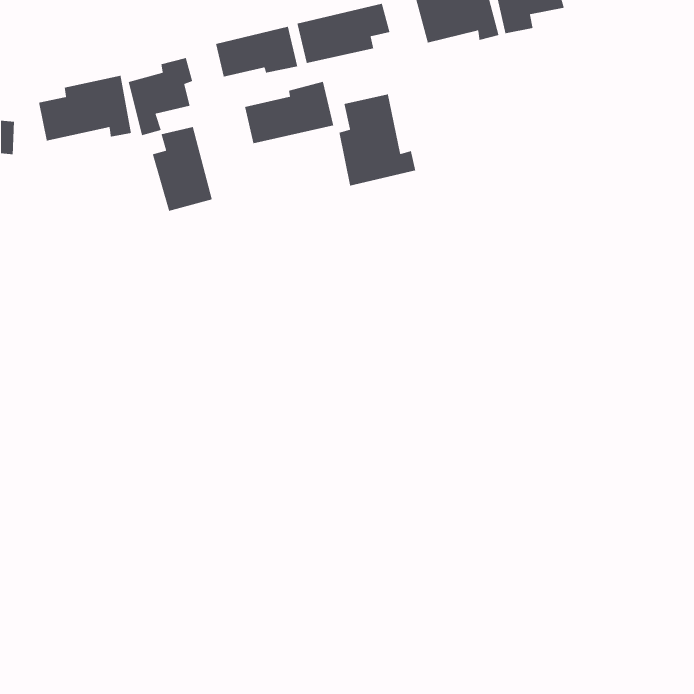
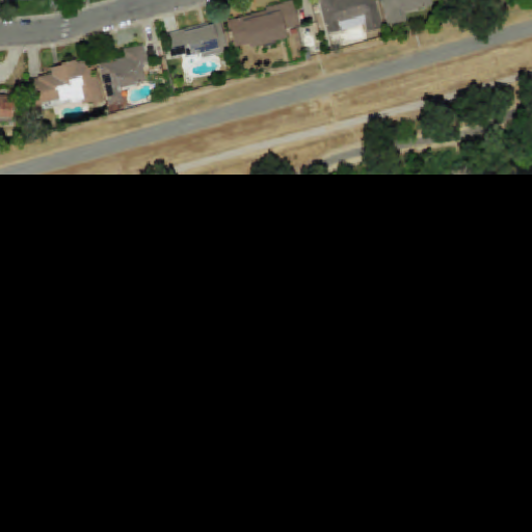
building: [244,81,334,144] -> none
building: [338,93,416,187] -> none
building: [152,126,213,212] -> none

